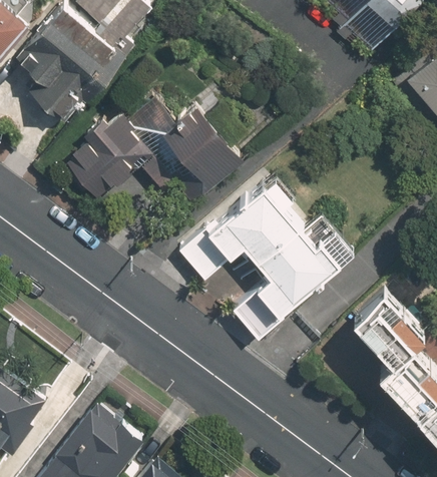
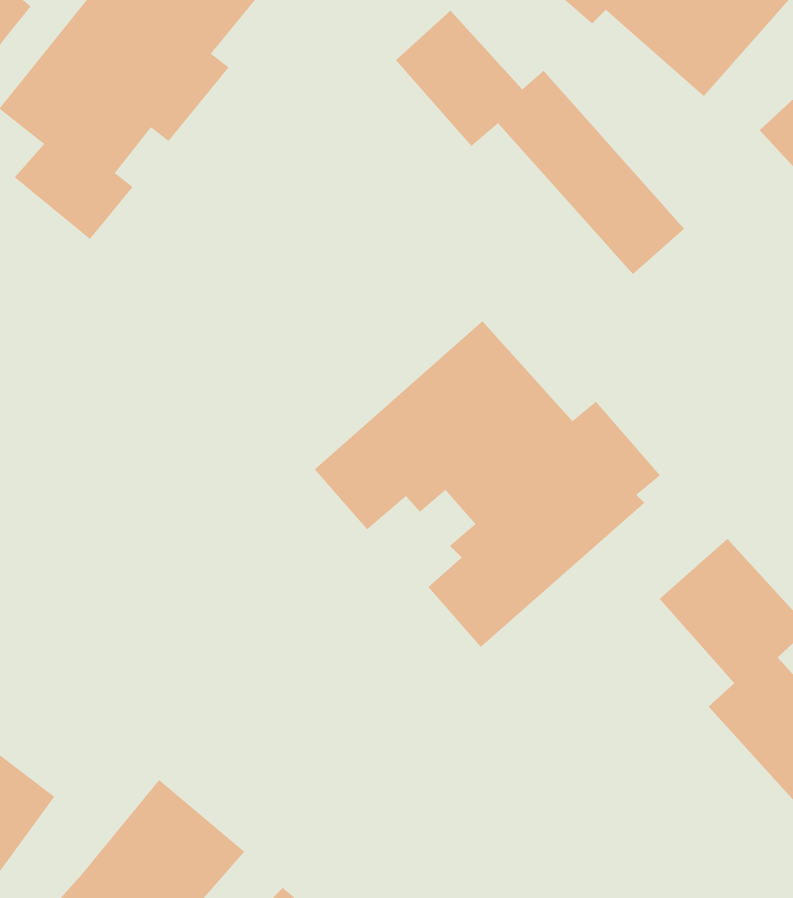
building: none -> [395,10,685,275]
building: [65,100,245,202] -> none

